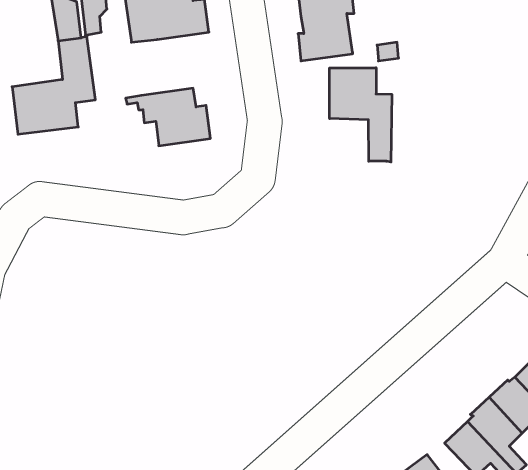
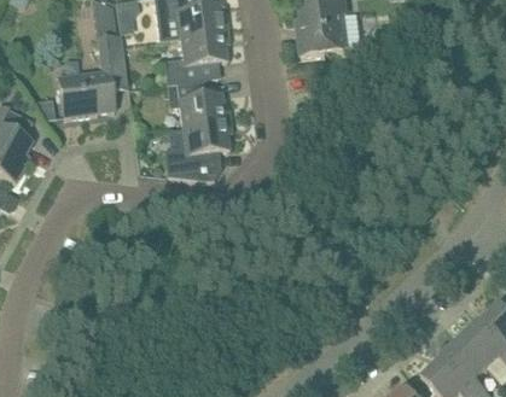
building: none -> [163,29,227,82]
building: [330,68,392,162] -> none
building: none -> [162,118,228,179]

